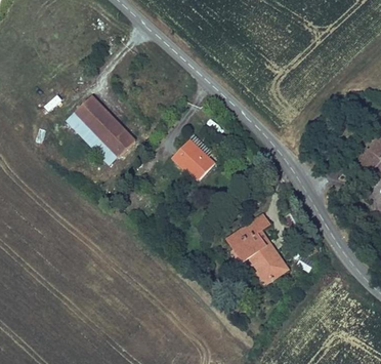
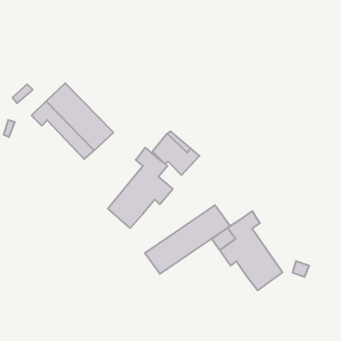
building: none -> [108,148,173,228]
building: none -> [145,205,230,274]

